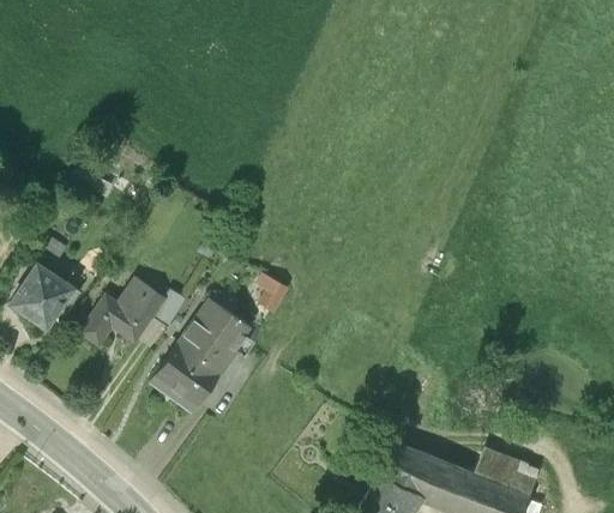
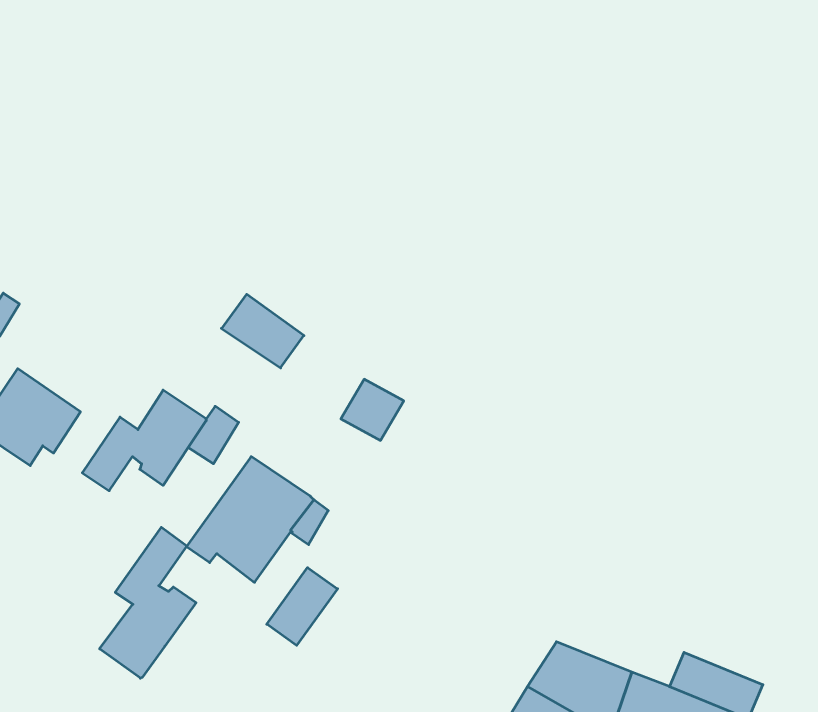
building: [193,300,248,349] -> [221,294,304,368]
building: none -> [100,527,196,678]
building: none -> [267,568,338,645]

